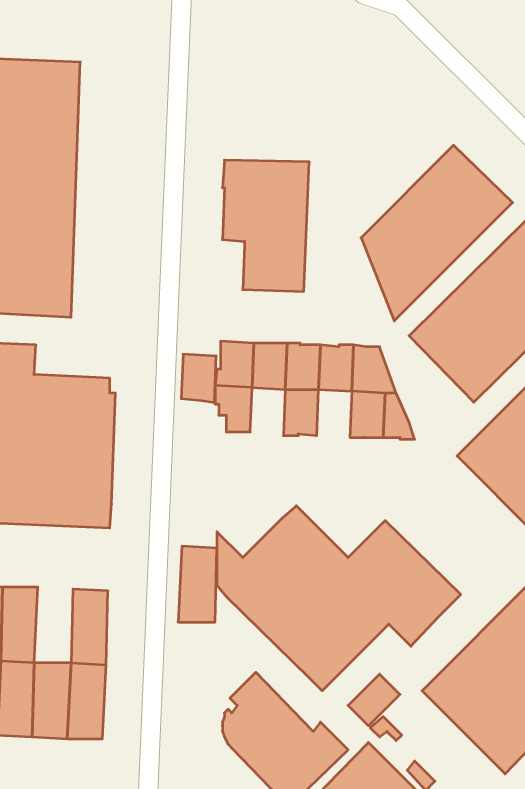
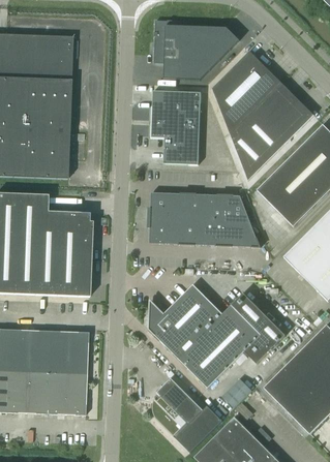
building: none -> [154,20,239,80]
building: none -> [212,51,281,134]
building: [181,354,216,402] -> [168,218,187,245]
building: none -> [205,219,224,246]
building: [178,546,217,622] -> [47,330,68,372]

